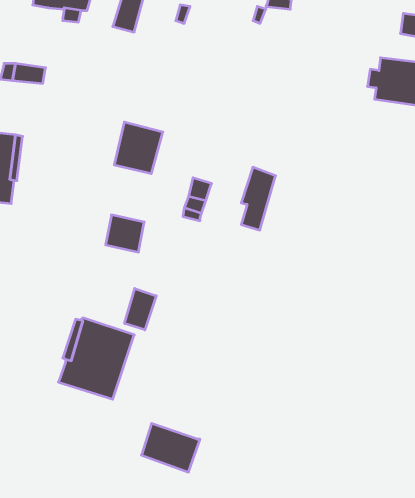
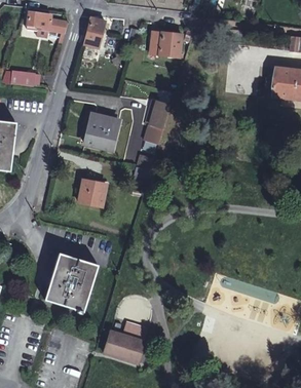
building: none -> [150,31,182,57]
building: [241,167,276,230] -> [145,99,170,144]
building: [125,288,156,330] -> none

